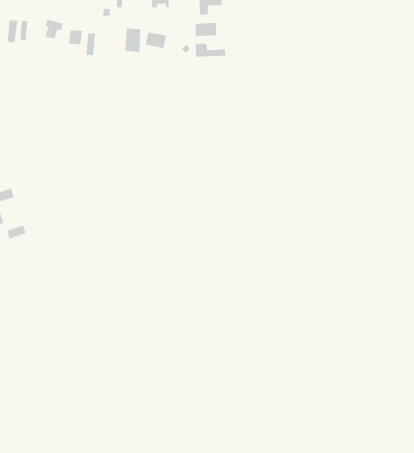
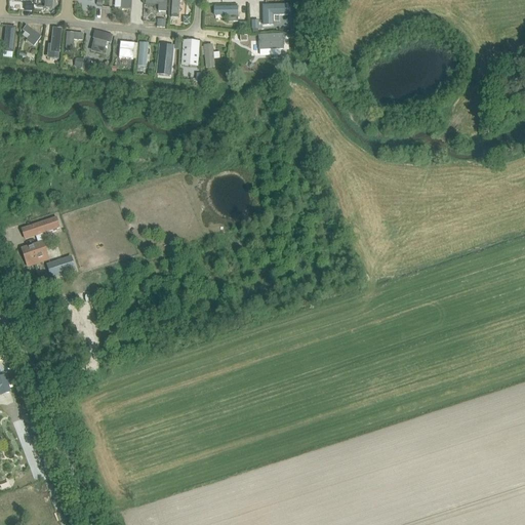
building: none -> [157,41,174,74]
building: [195,43,226,57] -> none

